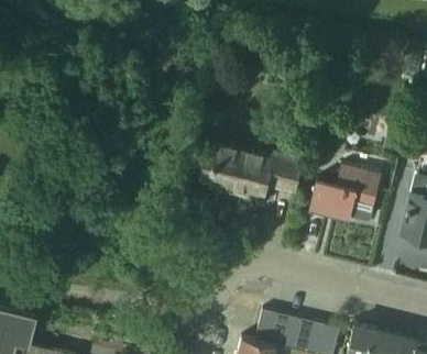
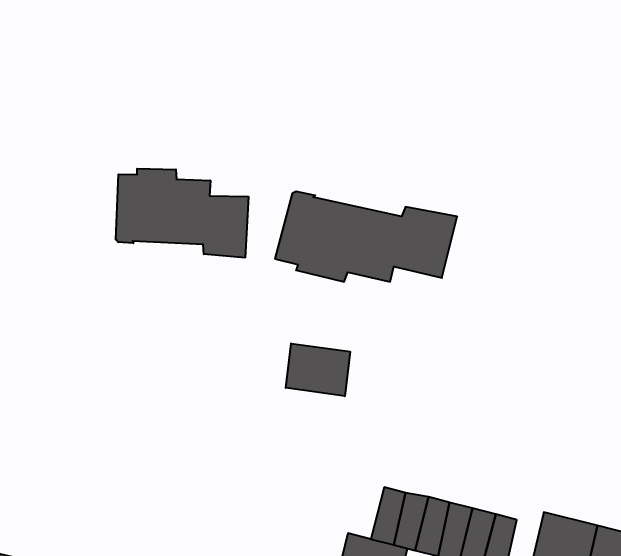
building: none -> [116,169,248,258]
building: [310,164,383,225] -> none
building: none -> [286,343,350,396]

